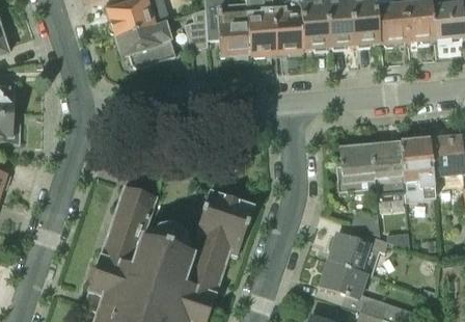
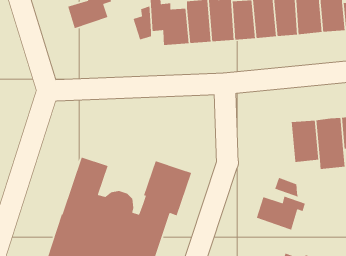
building: [115,20,175,68] -> none
building: [337,144,375,194] -> none
building: [321,259,368,298] -> none

